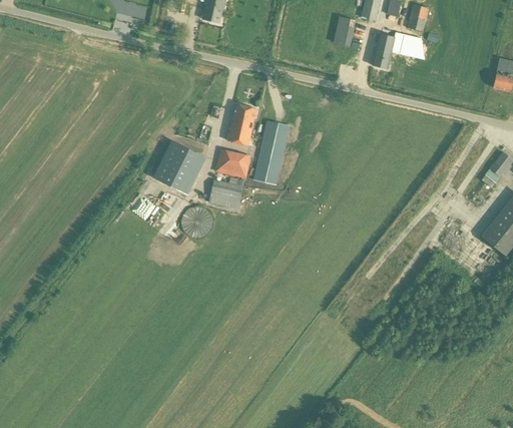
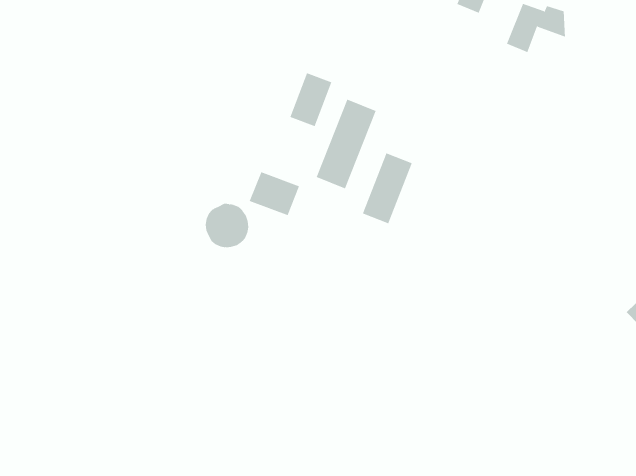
building: [153,141,206,195] -> none
building: [216,149,250,177] -> none
building: none -> [362,152,413,224]

